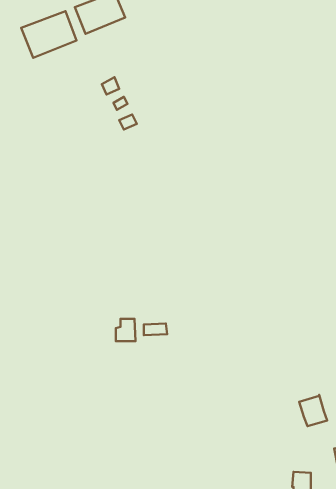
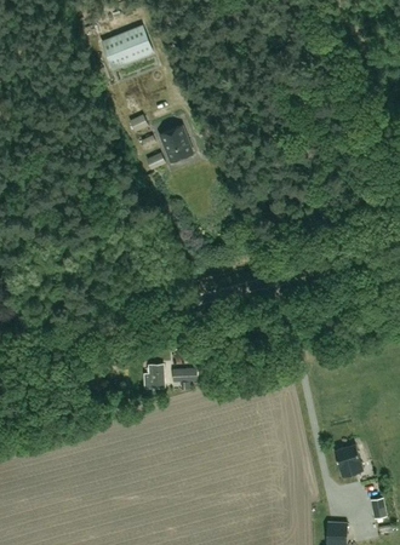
building: [21,11,77,58] -> none
building: none -> [160,125,193,160]

